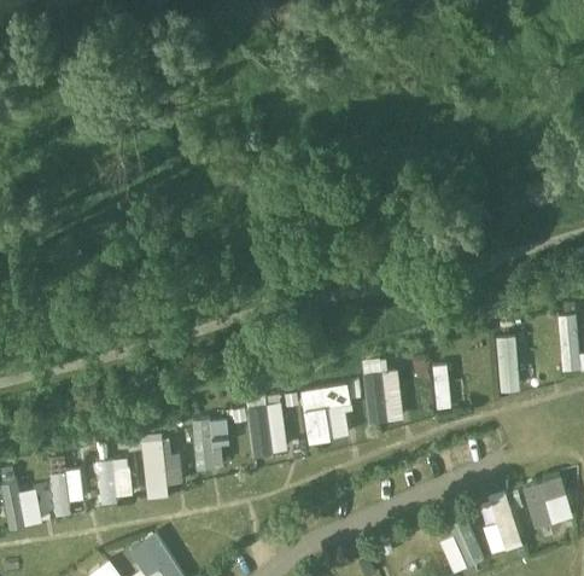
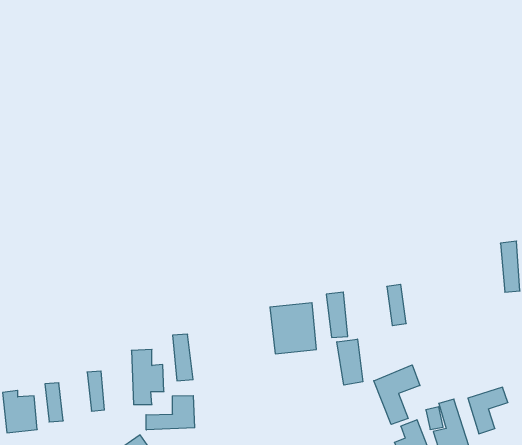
building: [497,334,521,391] -> none
building: [247,405,274,456] -> none
building: none -> [337,339,363,385]
building: none -> [374,365,420,424]
building: none -> [146,396,195,430]

